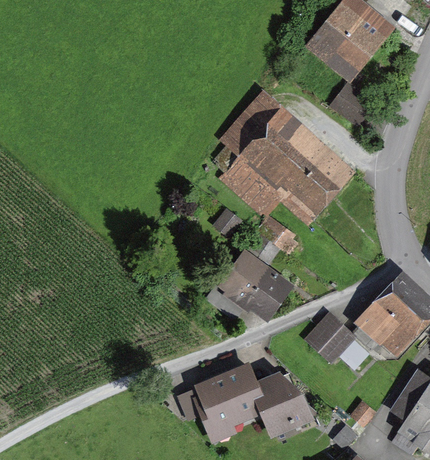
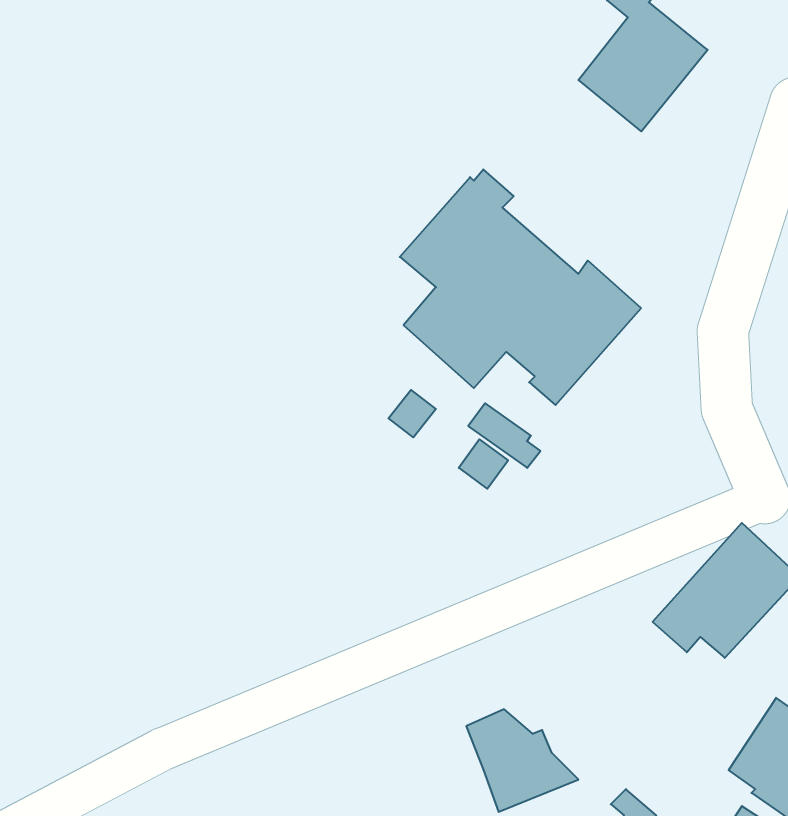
building: [333,84,374,125] -> none
building: [207,255,287,316] -> none
building: [310,316,354,360] -> none
building: [200,366,266,427] -> none

